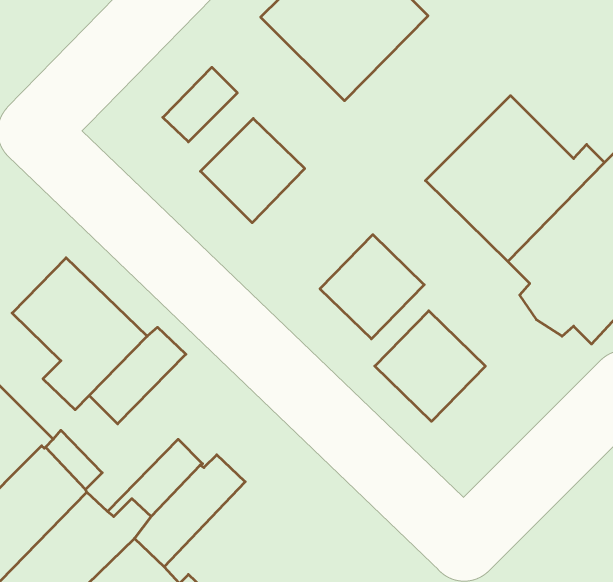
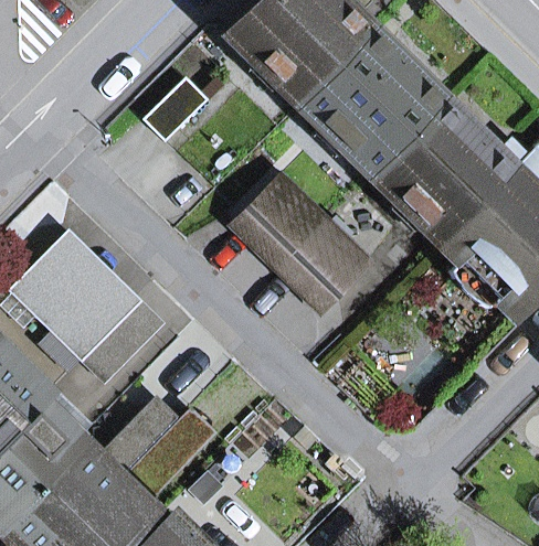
building: none -> [300,32,443,173]
building: [200,118,305,223] -> [235,176,325,266]
building: [375,311,485,421] -> none

